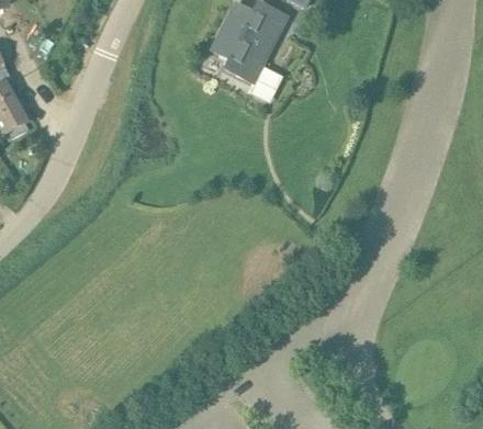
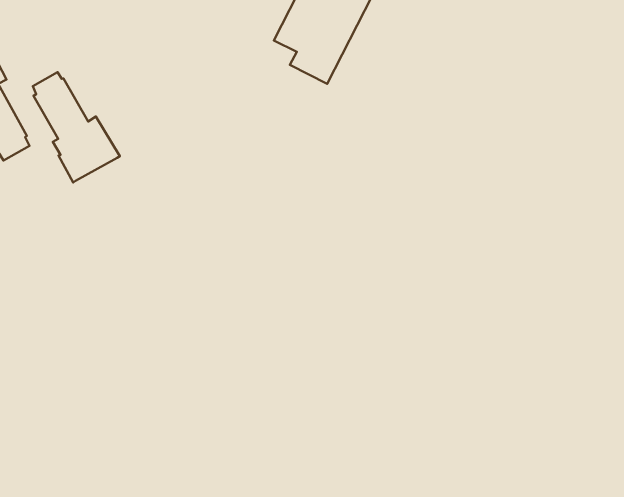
building: none -> [33,72,120,183]

